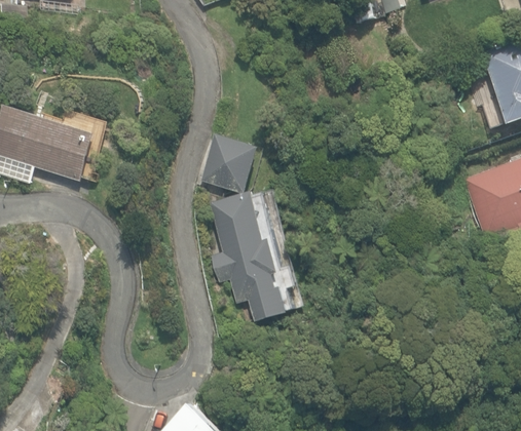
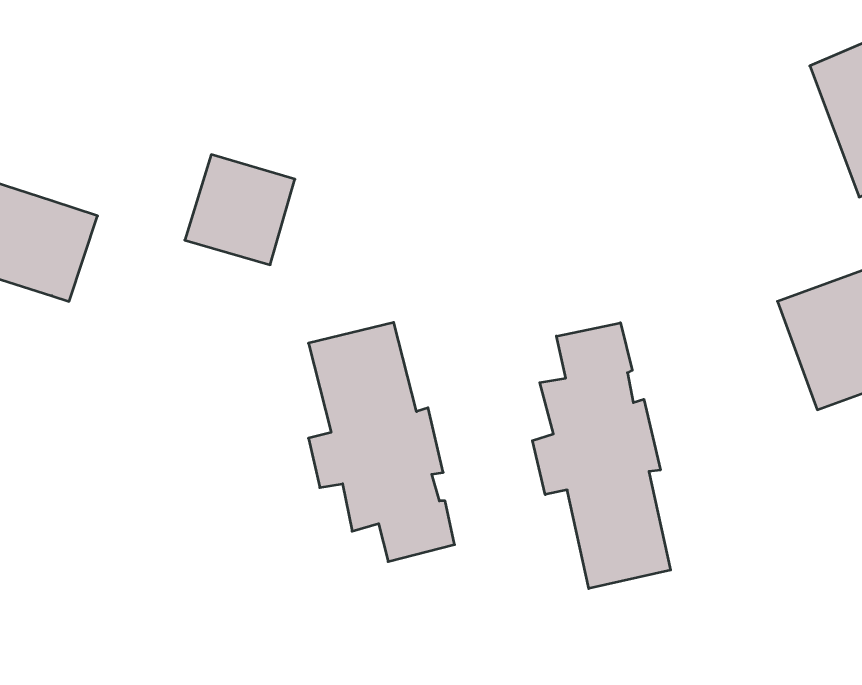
building: [198,133,258,193] -> [185,155,295,265]
building: none -> [532,323,671,589]

